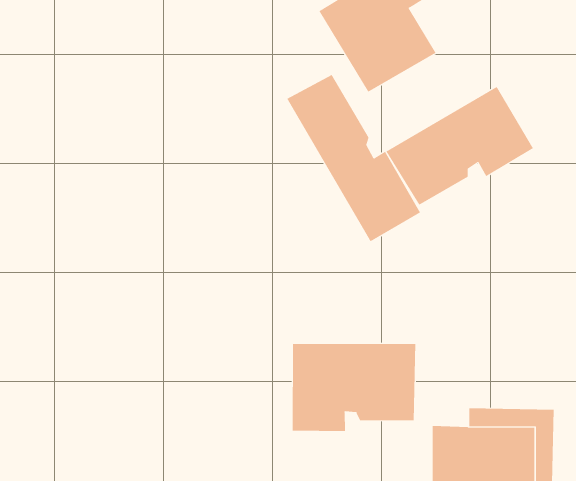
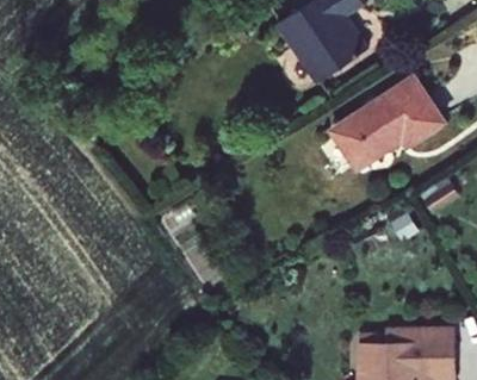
building: [286,74,421,242] -> none
building: [292,343,416,432] -> none

